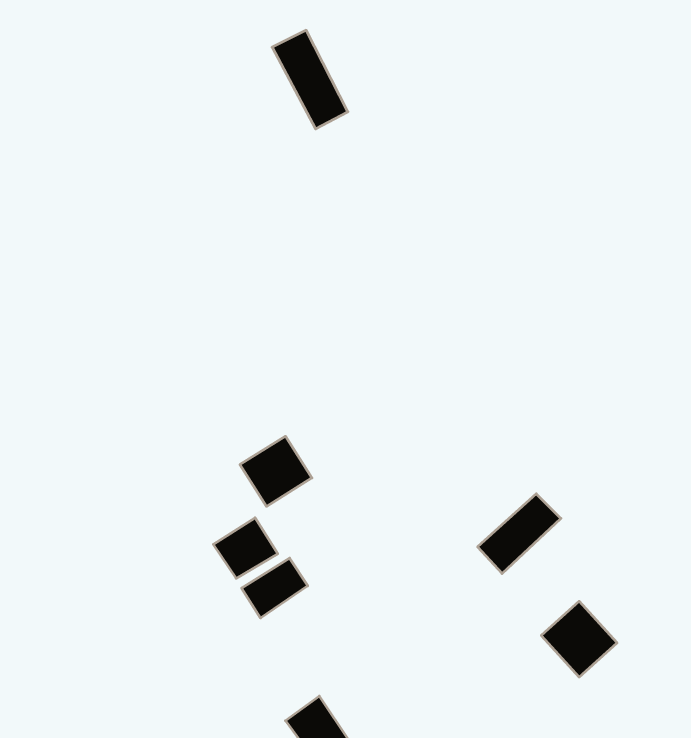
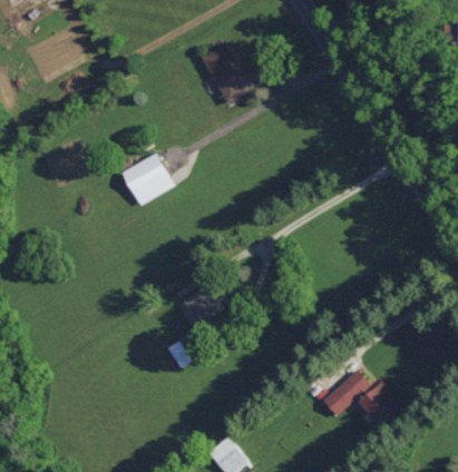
building: none -> [123,153,175,205]
building: [478,494,561,574] -> [323,368,372,415]
building: [242,558,308,618] -> none

